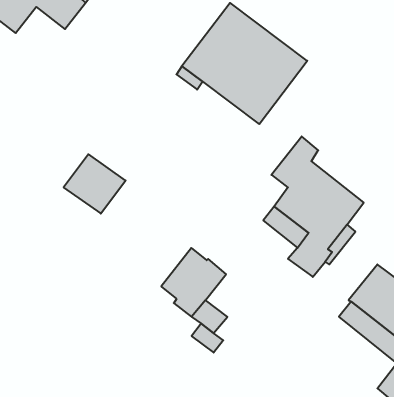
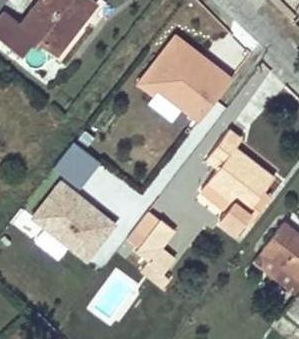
building: none -> [32,180,115,258]

